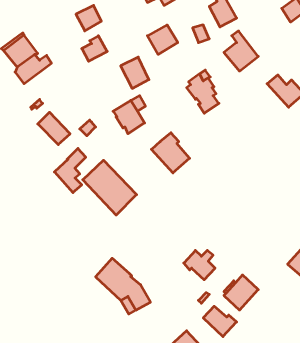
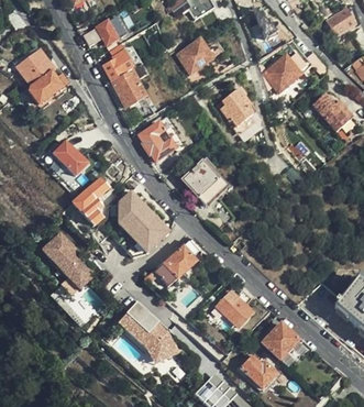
building: [121,57,149,88] -> [112,72,144,107]
building: none -> [37,232,95,292]
building: none -> [154,237,203,286]

